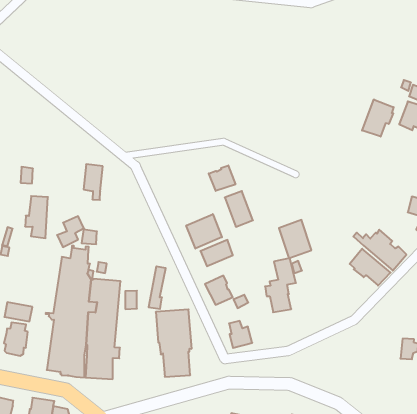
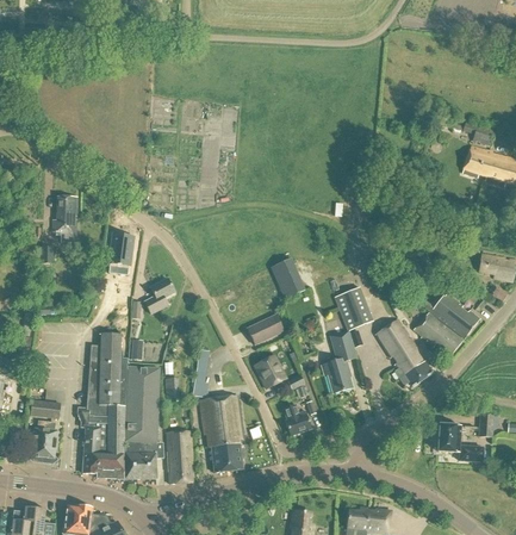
building: [362,99,394,137] -> none
building: [209,165,235,191] -> none
building: [25,196,48,238] -> [52,195,76,242]
building: [186,214,222,249] -> none
building: [57,216,84,247] -> [144,278,174,313]
building: none -> [373,319,431,386]
building: none -> [164,430,193,483]
building: none -> [437,423,483,461]

